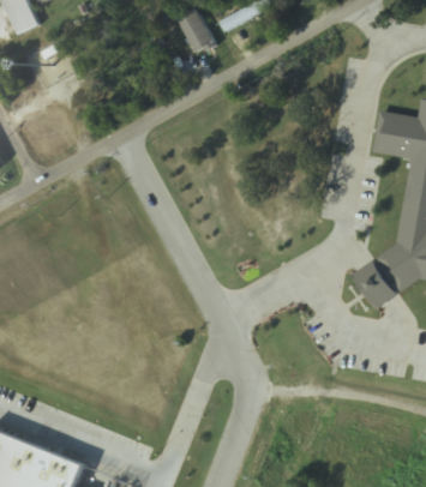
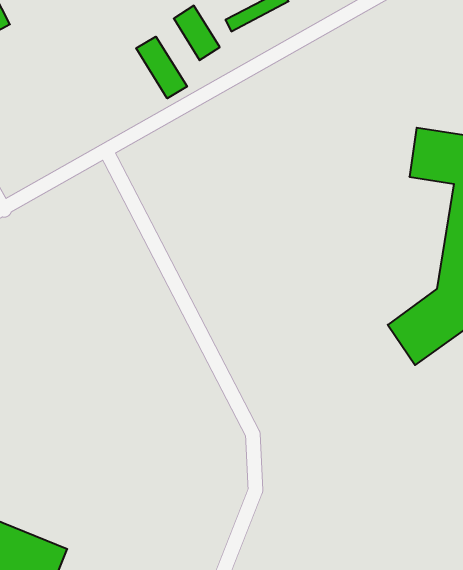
building: none -> [136,37,187,98]

